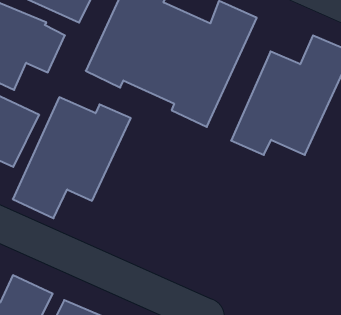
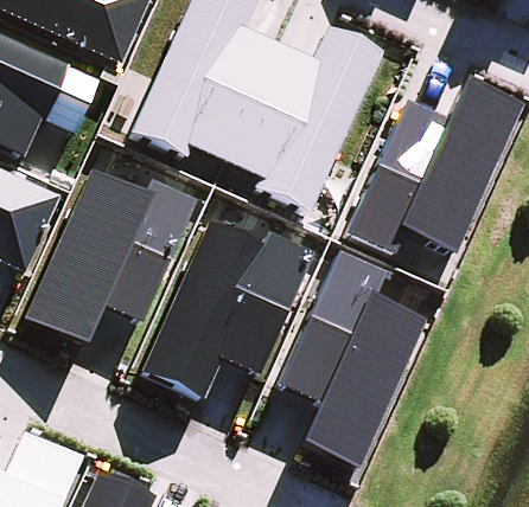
building: none -> [144,218,317,398]
building: none -> [279,248,428,468]

